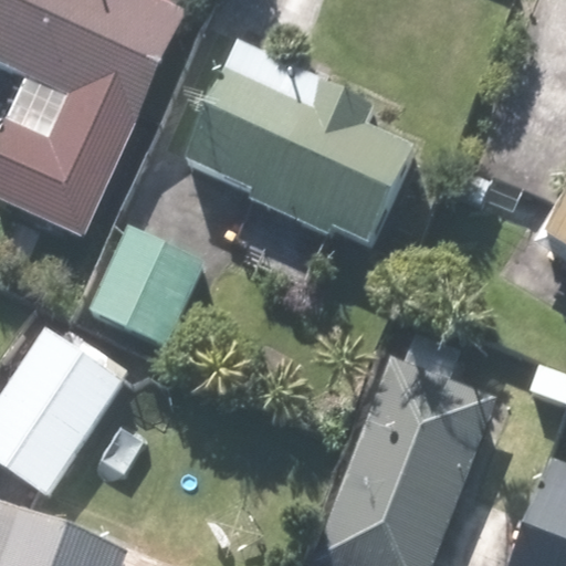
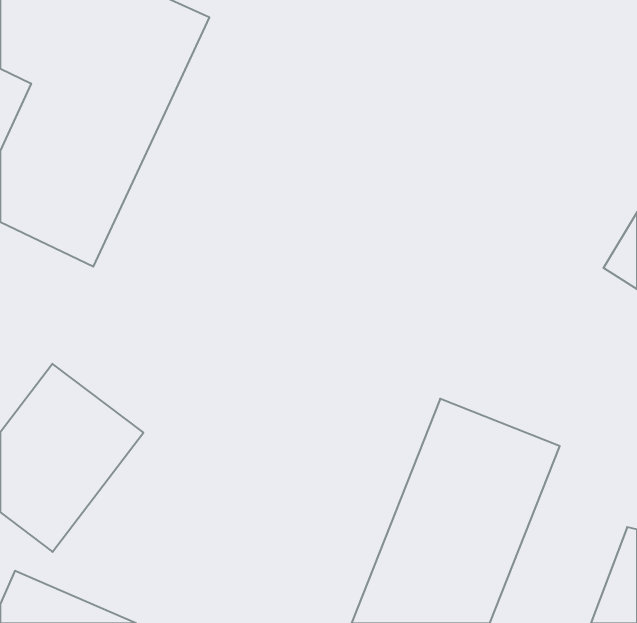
building: [178,66,413,249] -> none
building: [87,226,207,346] -> none

